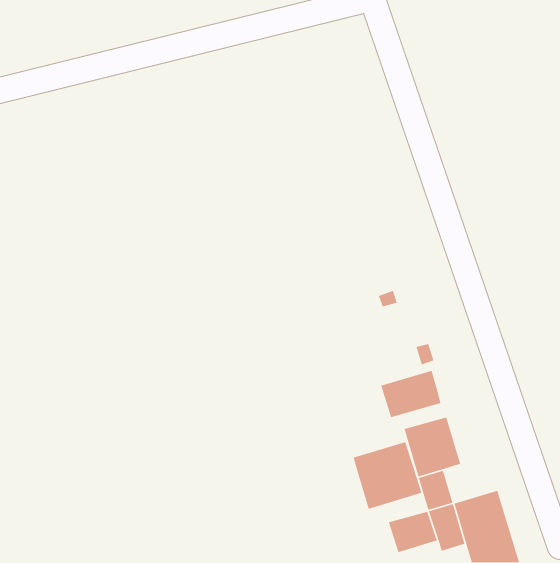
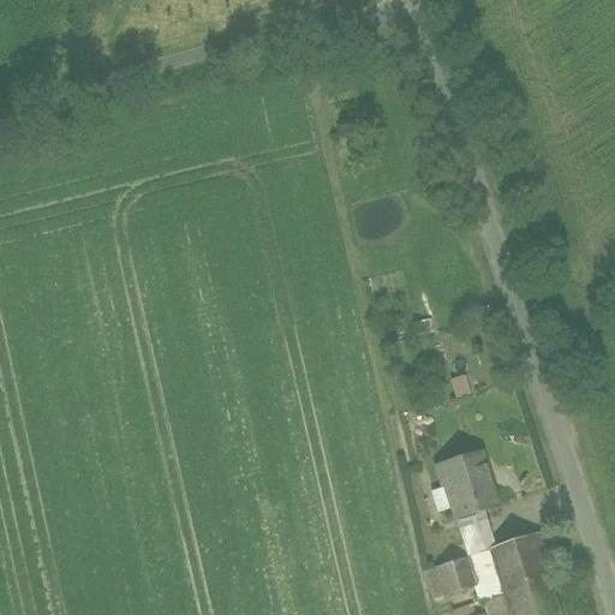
building: [380,370,441,418] -> none
building: [352,441,423,510] -> none

